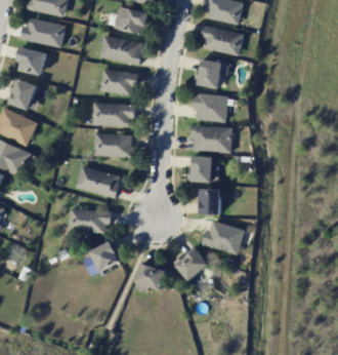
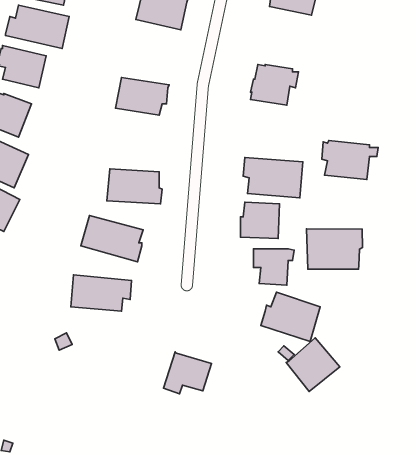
building: [200,25,243,55] -> none
building: [99,35,142,65] -> none
building: [193,93,233,121] -> [322,140,378,180]
building: [92,103,135,127] -> none
building: none -> [307,229,363,269]
building: [81,237,120,274] -> none
building: [173,244,211,282] -> [286,338,340,392]

